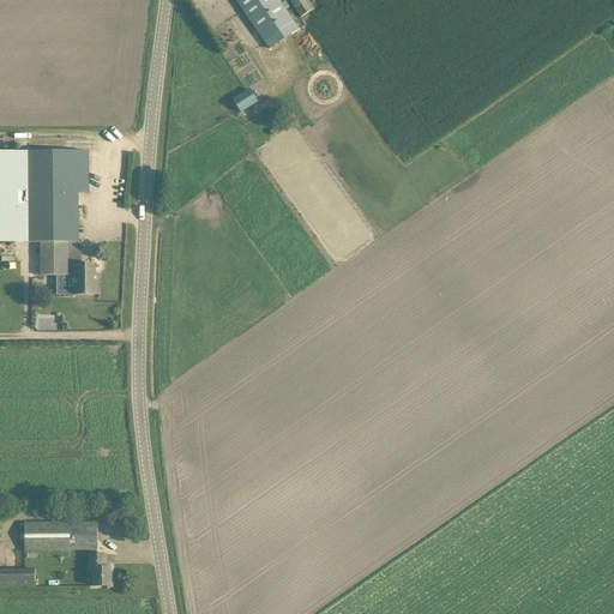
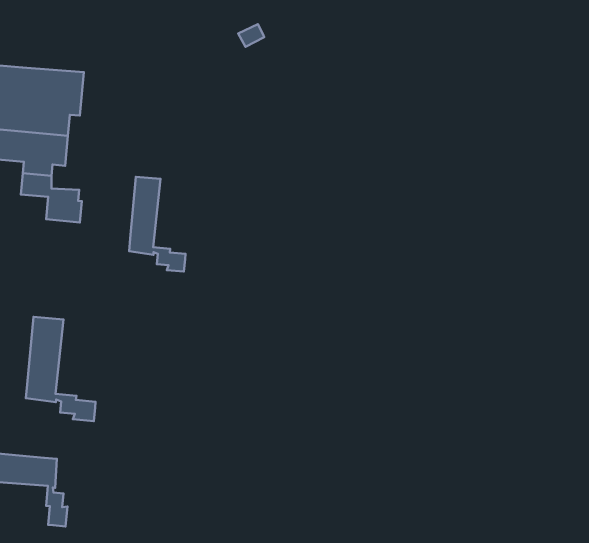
building: none -> [129,177,186,272]
building: none -> [26,317,96,421]

